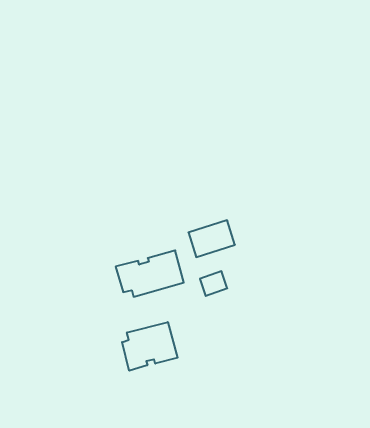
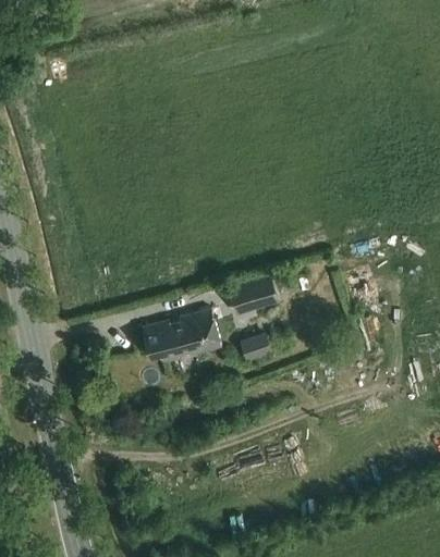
building: [122,322,178,371] -> none

